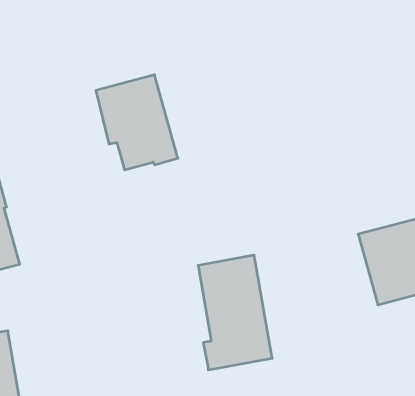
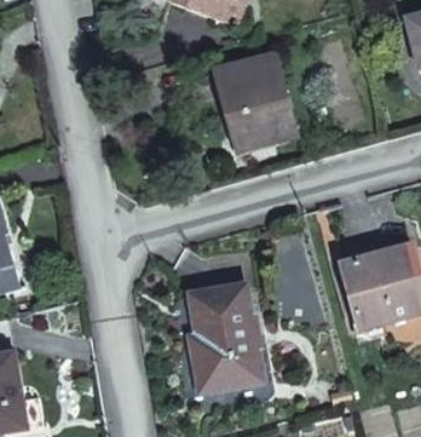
building: [96,75,178,170] -> [219,57,295,145]

